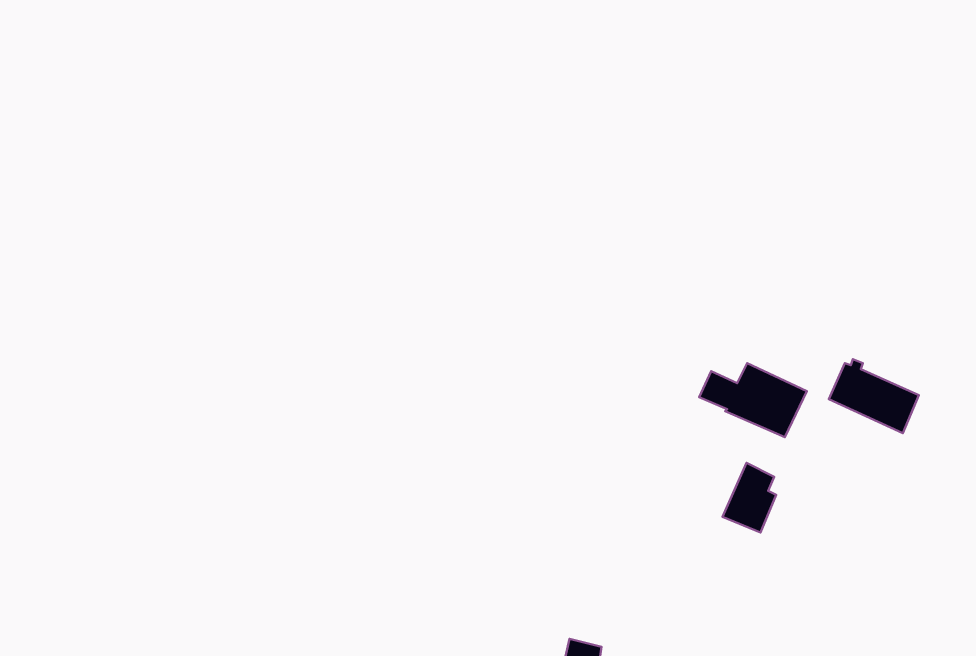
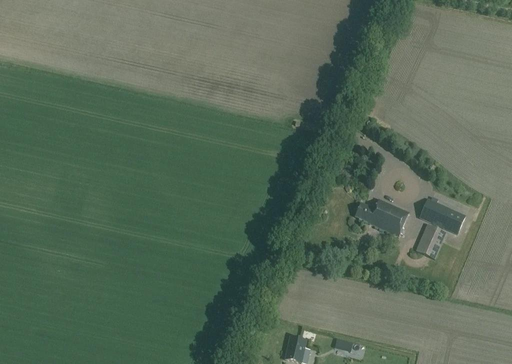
building: [722,463,776,533] -> [416,223,443,258]

